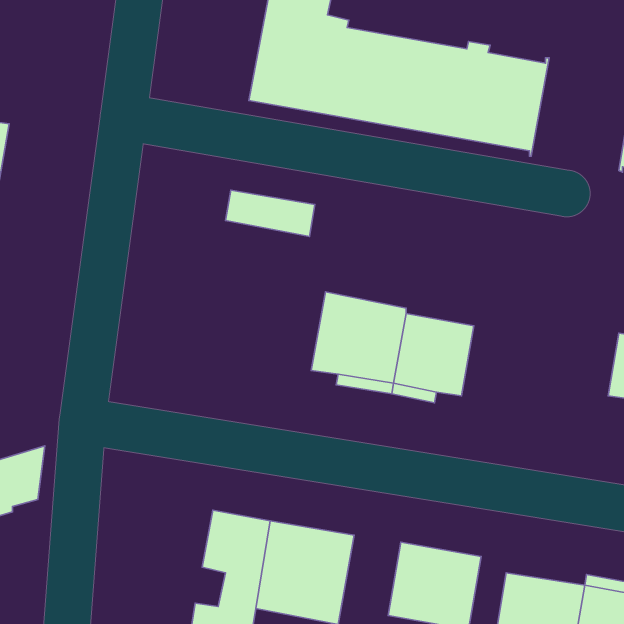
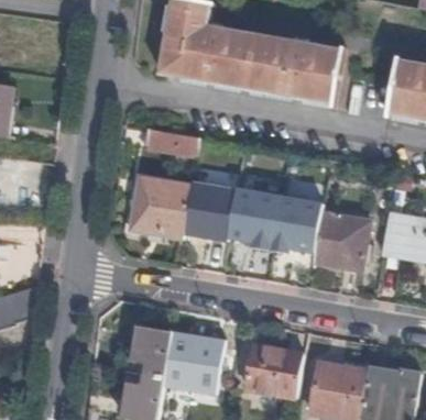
building: none -> [131,176,194,239]
building: none -> [314,212,371,269]

